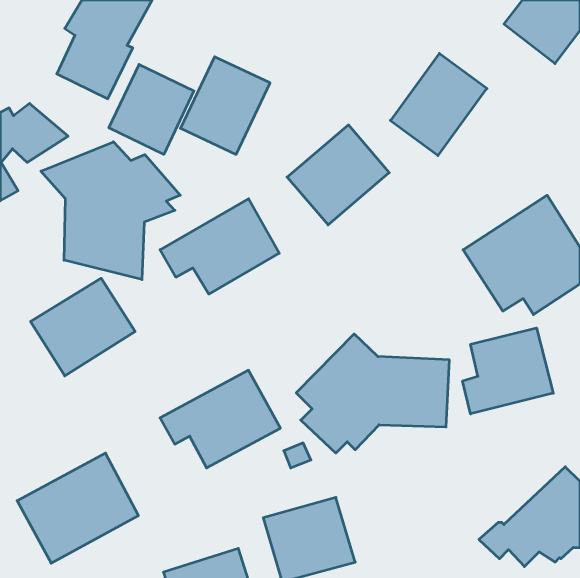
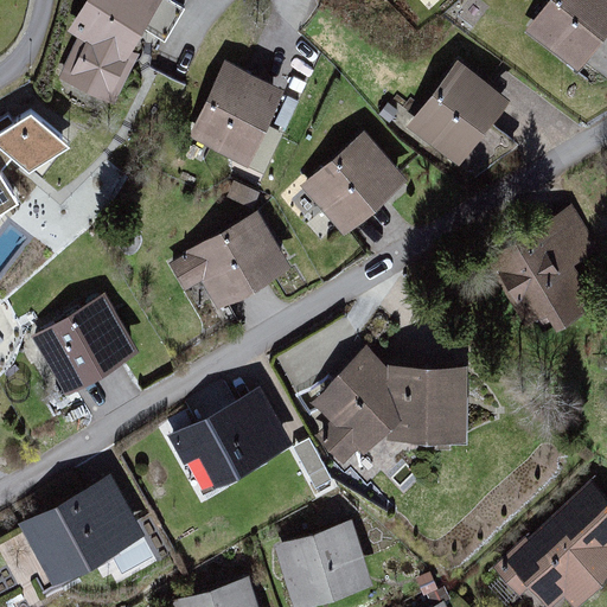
building: [109,64,194,154] -> none
building: [41,142,180,280] -> none
building: [463,328,553,414] -> none

